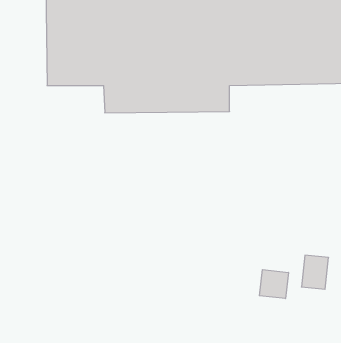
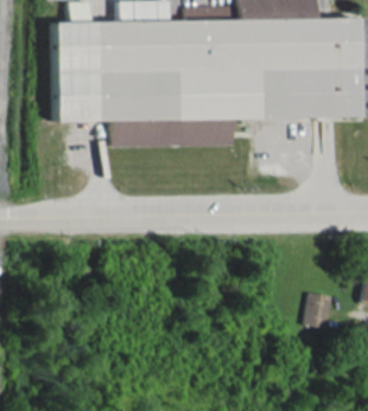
building: [259,270,288,299] -> none

